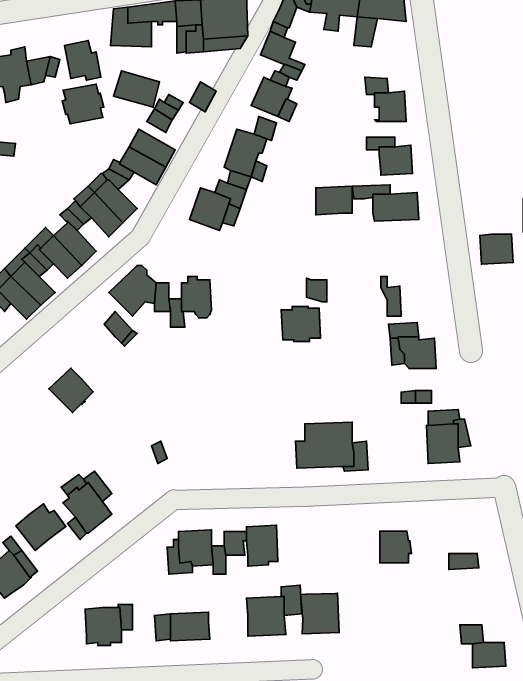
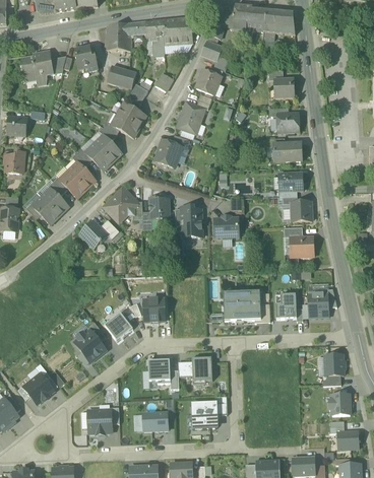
building: [62,84,104,124] -> none
building: [316,186,352,215] -> [279,173,303,191]
building: [480,234,513,264] -> [291,202,312,221]
building: none -> [181,206,202,236]
building: [49,368,93,413] -> [79,220,108,249]
building: none -> [275,293,297,318]
building: none -> [143,298,166,321]
building: none -> [105,313,133,341]
building: [16,504,66,551] -> none
building: [380,531,412,563] -> [325,354,346,374]
building: none -> [329,394,350,414]
building: [301,593,339,634] -> none

